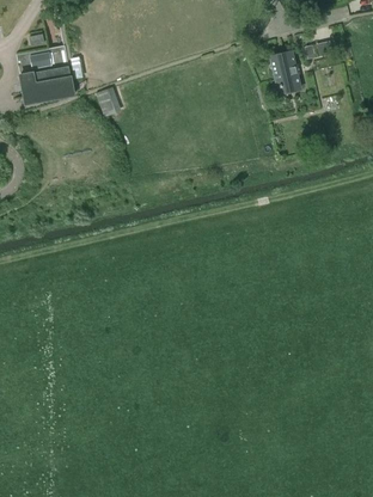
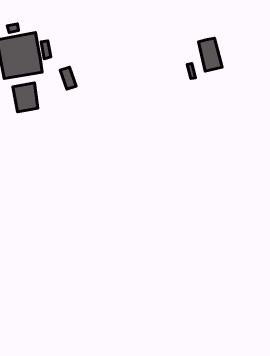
building: none -> [13,83,38,112]

